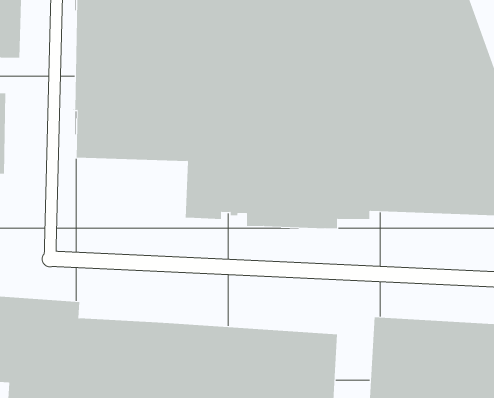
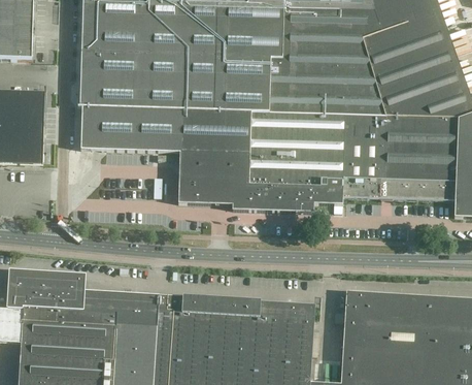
building: none -> [19,90,45,162]

